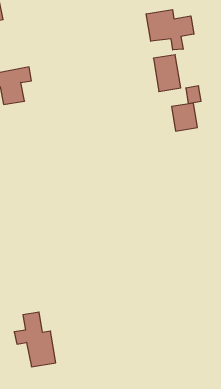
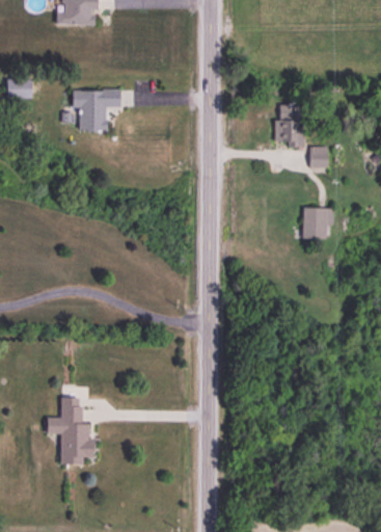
building: [146,10,194,50] -> none
building: [172,103,197,131] -> [304,208,332,239]

